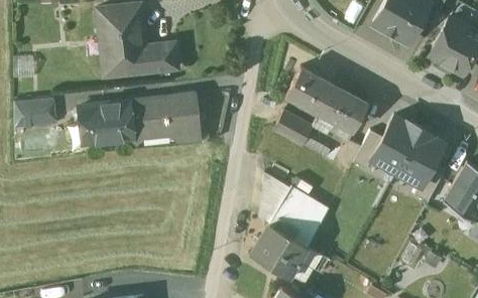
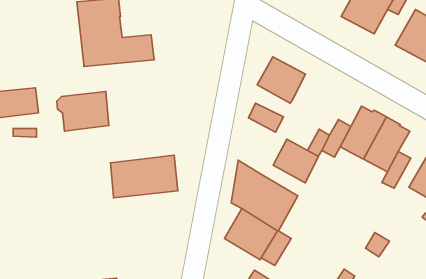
building: [322,84,369,129] -> [273,139,319,183]
building: [127,94,198,138] -> [110,155,178,198]

